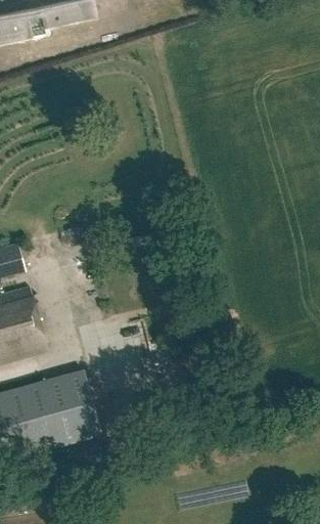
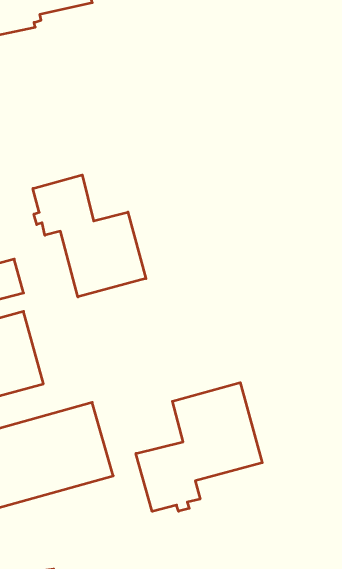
building: none -> [33,175,146,297]
building: none -> [136,383,262,511]

